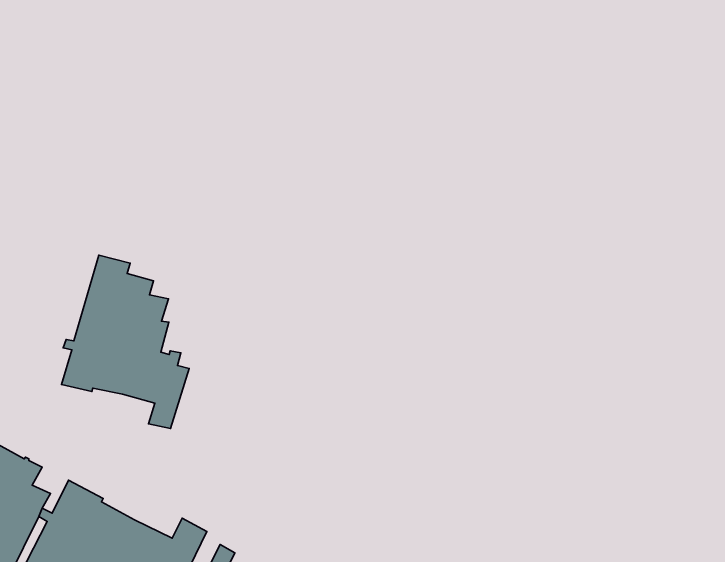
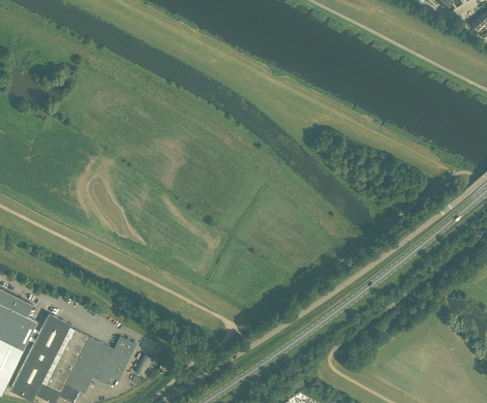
building: [61,255,189,429] -> none

